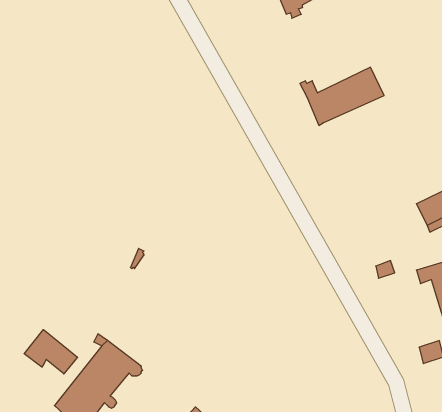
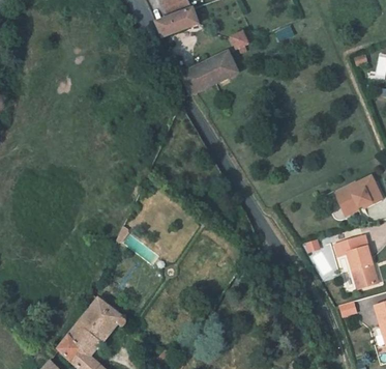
building: [300,67,384,125] -> [174,50,238,94]
building: [24,330,78,374] -> none

